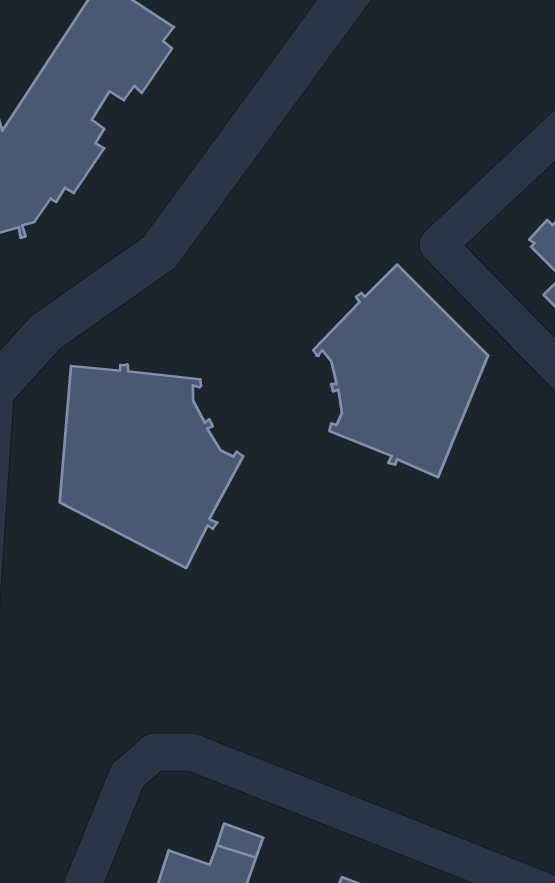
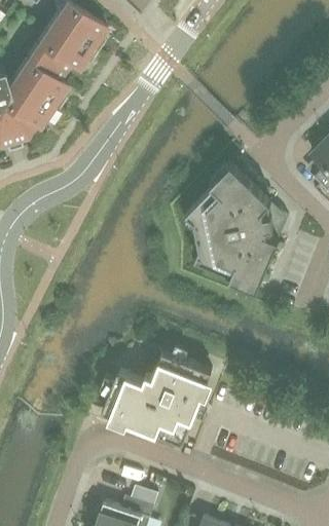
building: [60,364,243,568] -> none
building: none -> [104,351,214,443]

